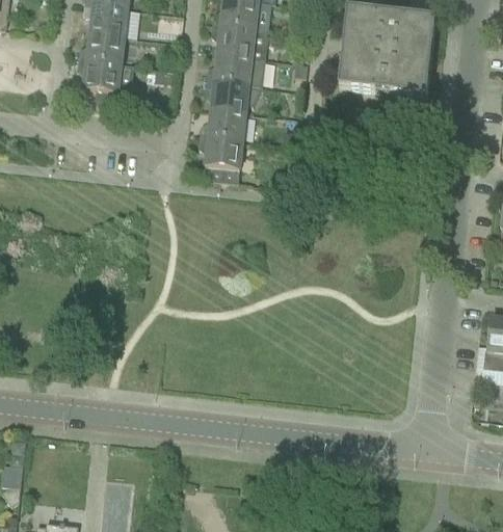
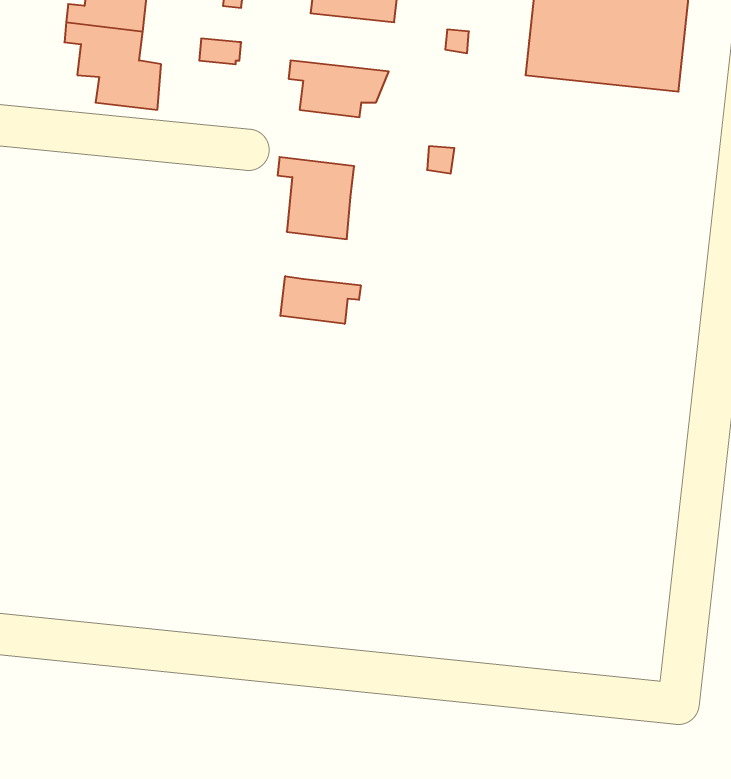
building: [206,48,265,81] -> none
building: [200,103,245,135] -> none
building: none -> [280,276,361,324]

